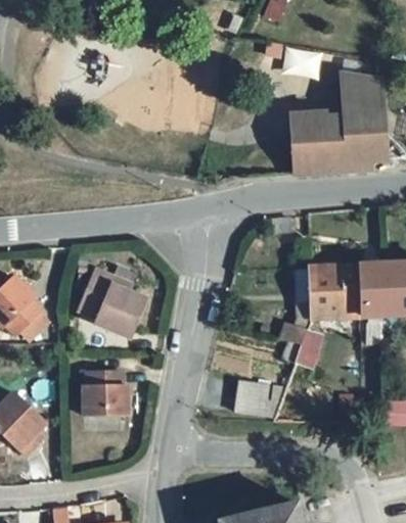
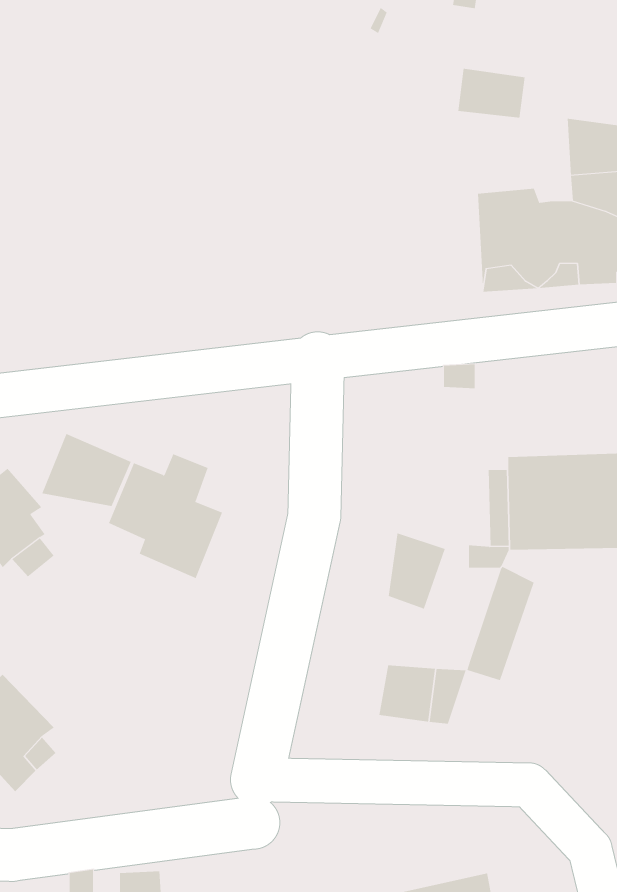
building: none -> [41,433,131,507]
building: none -> [388,532,446,609]
building: [83,373,127,419] -> none

